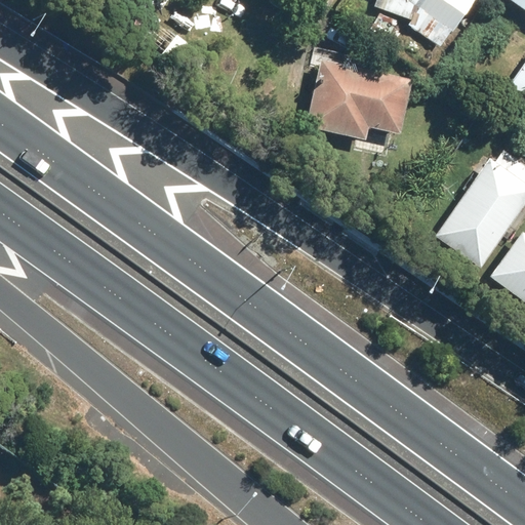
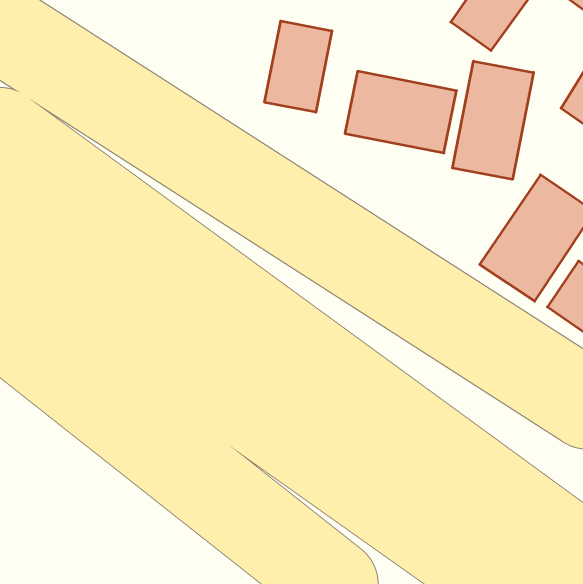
building: none -> [265,21,332,112]
building: none -> [452,61,534,179]

